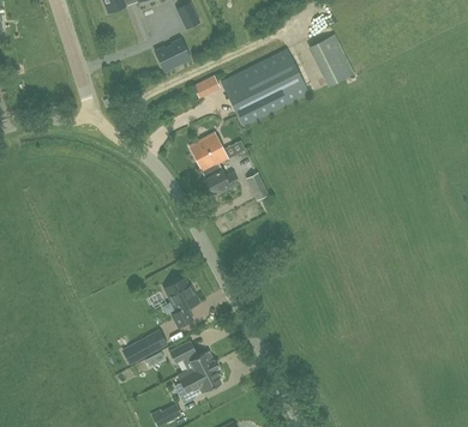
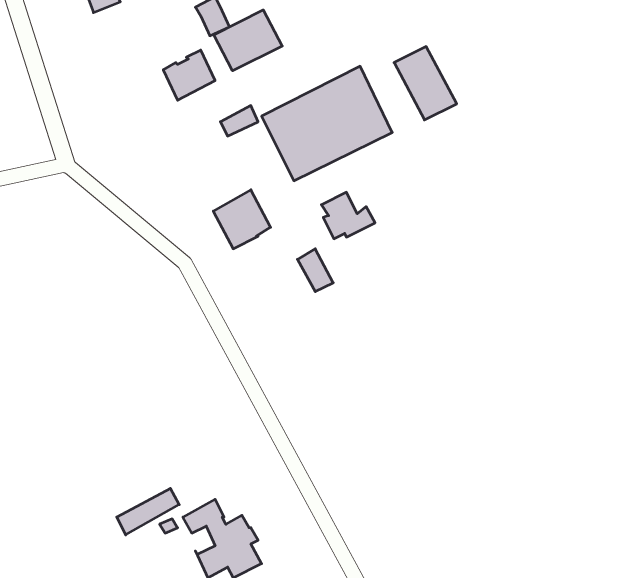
building: none -> [214,10,282,71]
building: [202,163,238,194] -> [321,192,375,239]
building: [164,277,198,326] -> none

